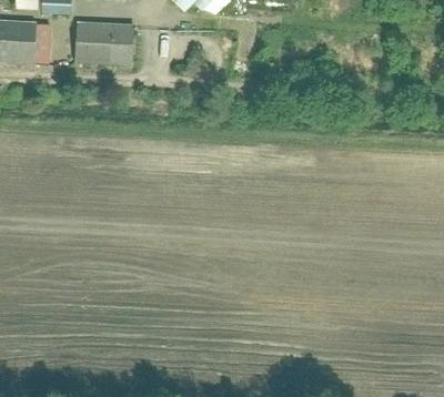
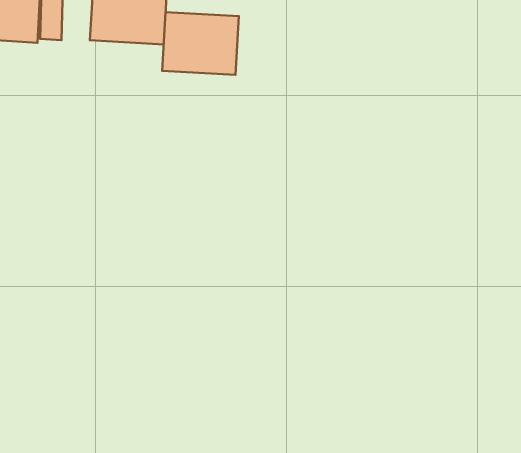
building: none -> [162,12,239,75]

